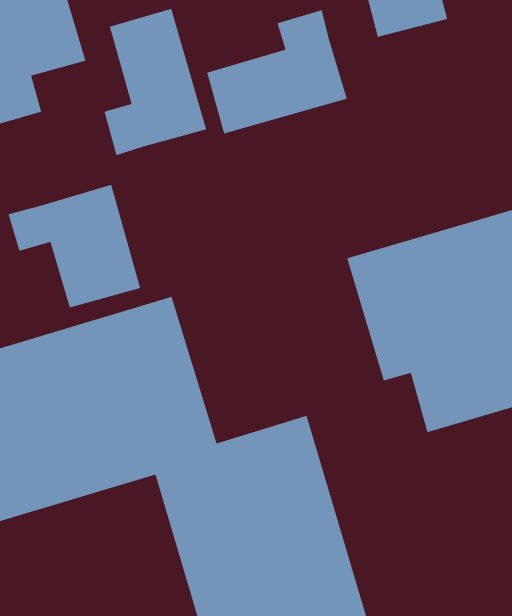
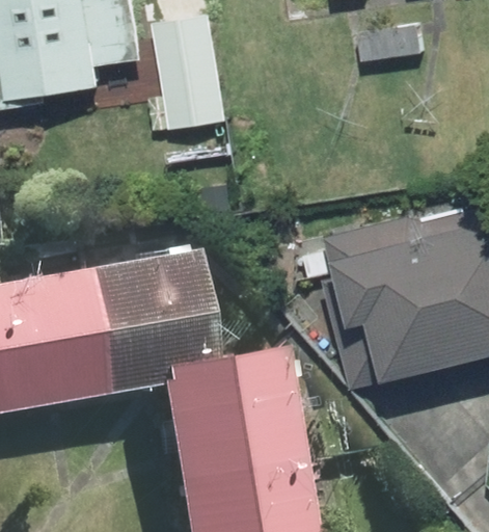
building: [206,9,348,134] -> none
building: [7,184,141,309] -> none

